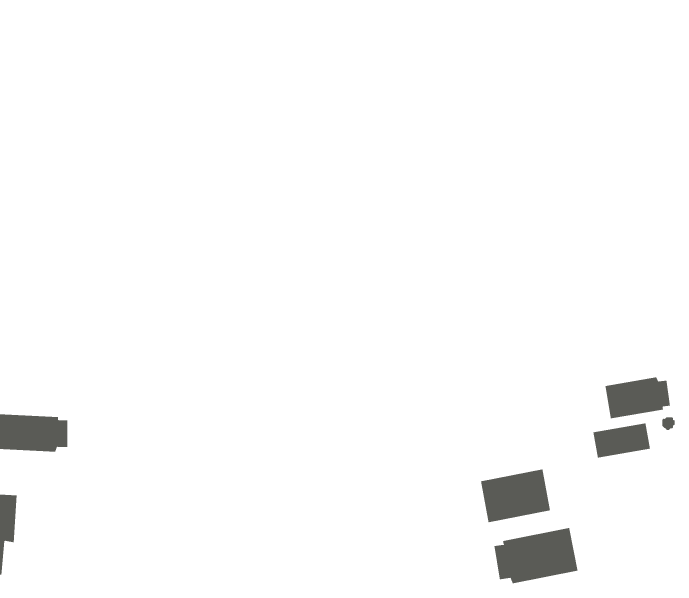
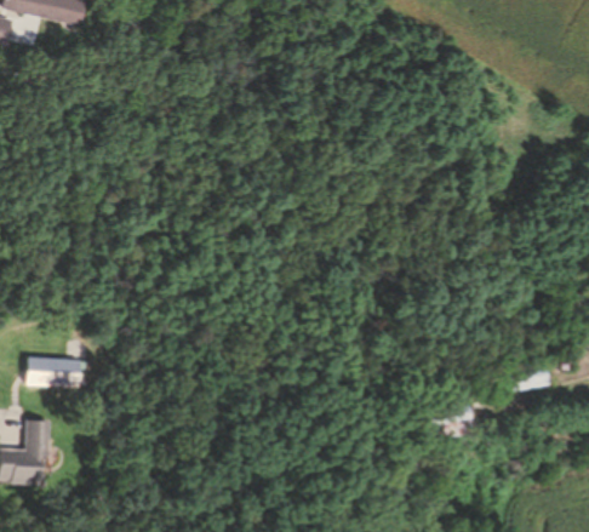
building: [605,377,670,419] -> none
building: [494,527,578,584] -> none

